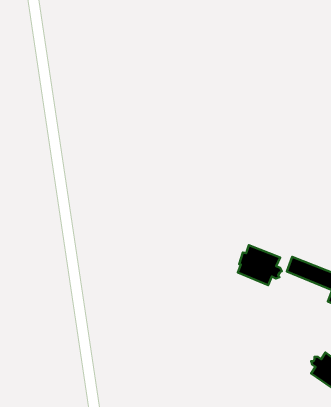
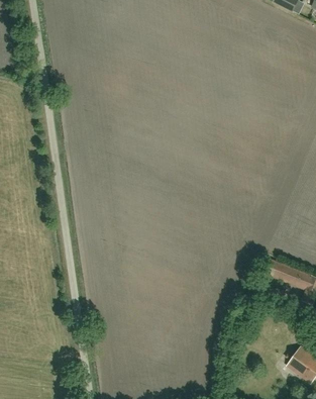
building: [238,245,282,285] -> none

